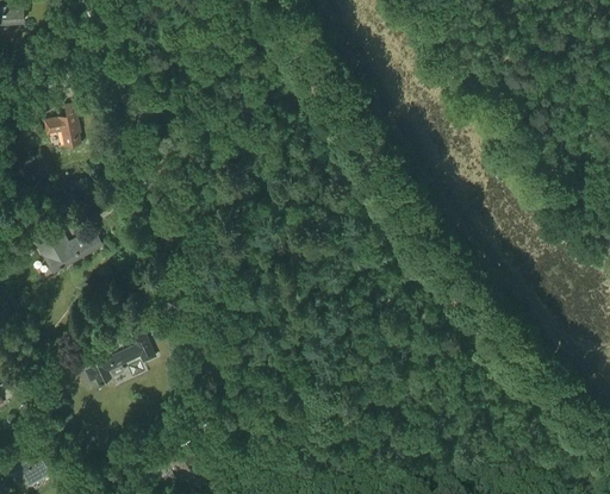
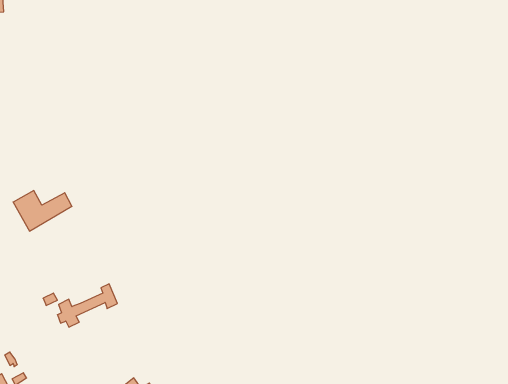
building: [44,101,80,144] -> none

